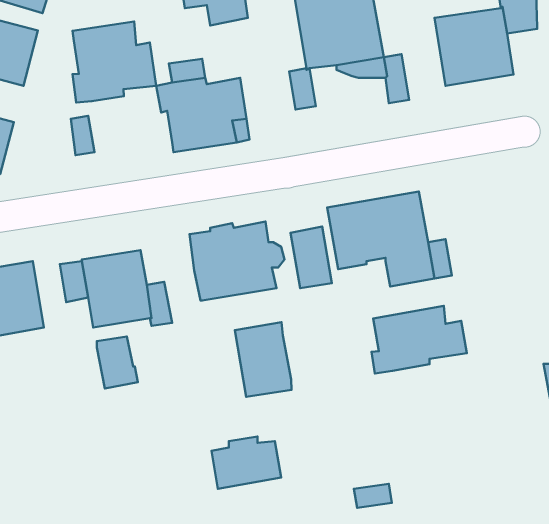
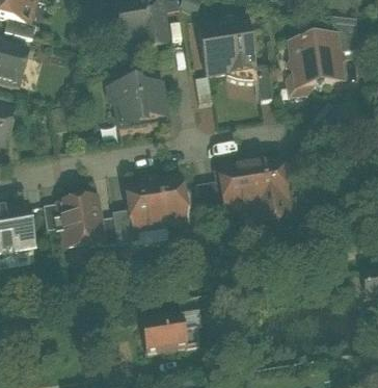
building: [73,22,156,103] -> none
building: [372,306,467,373] -> none
building: [235,322,292,397] -> none
building: [97,336,138,389] -> [112,208,139,242]

